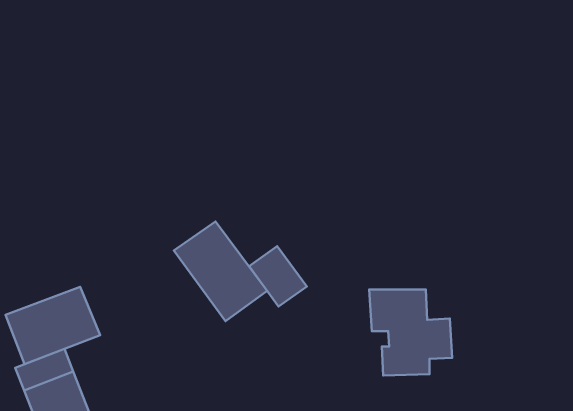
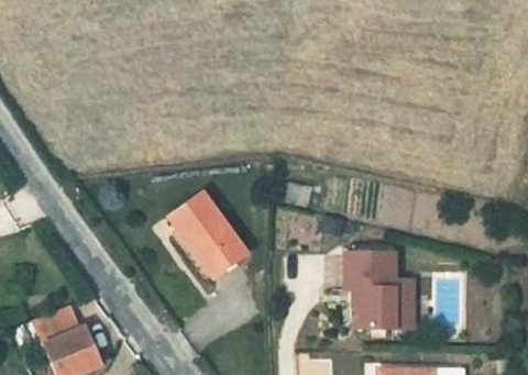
building: [249,246,307,307] -> none
building: [5,287,100,364] -> none

